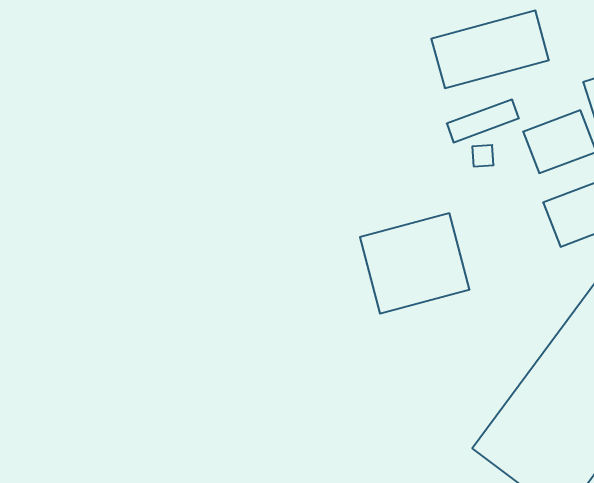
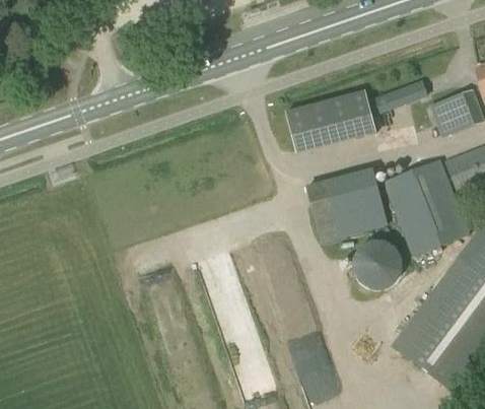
building: [431,11,549,88] -> [286,90,375,149]
building: none -> [384,158,472,257]
building: none -> [354,240,403,288]

